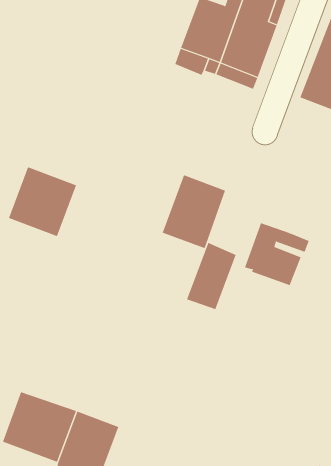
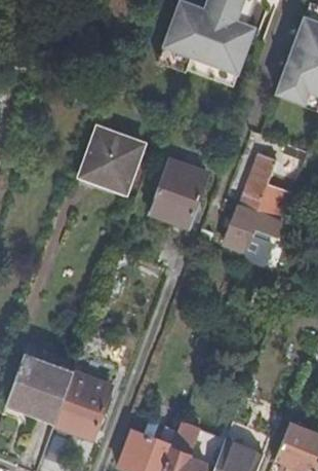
building: [8,167,77,237] -> [80,130,142,192]
building: [186,242,237,310] -> [238,152,283,213]

